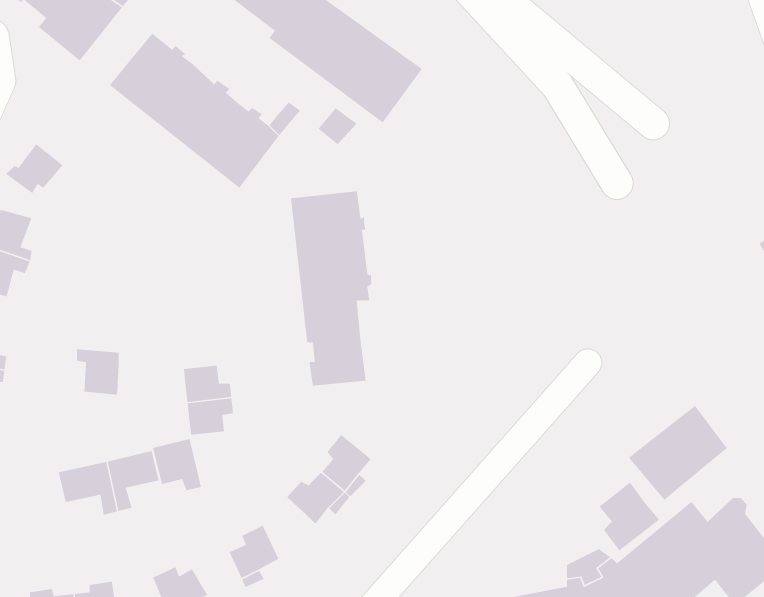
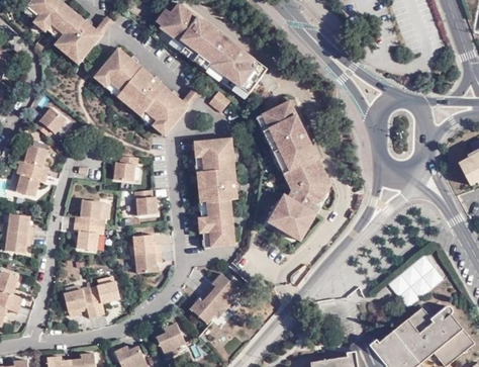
building: none -> [254,99,331,242]
building: none -> [113,154,137,180]
building: none -> [134,189,158,213]
building: none -> [74,200,100,225]
building: [152,438,202,491] -> none
building: [599,482,660,552] -> none

